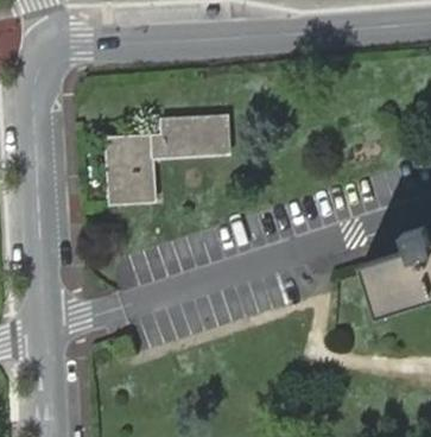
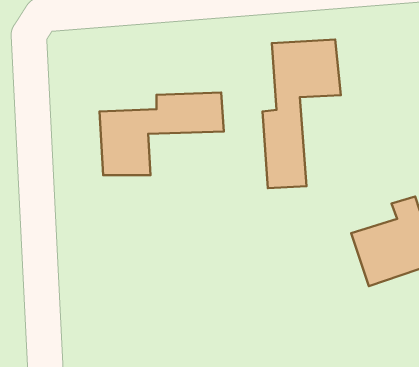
building: none -> [262,40,341,188]

